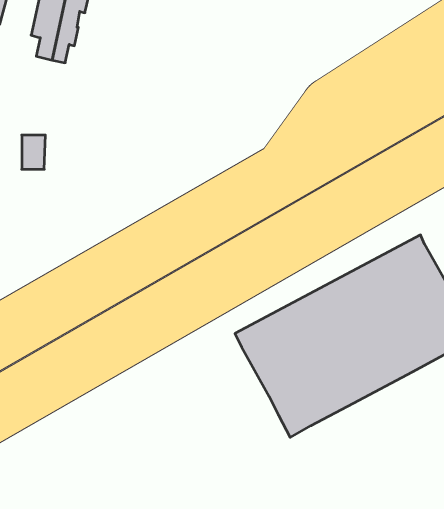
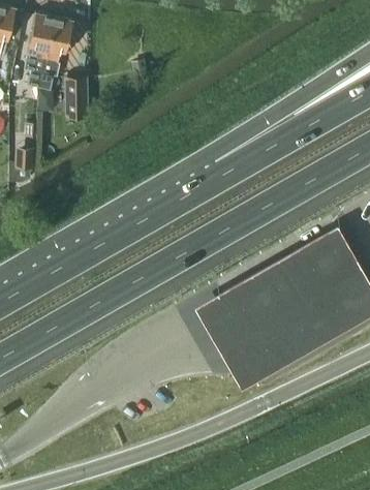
building: none -> [68,81,89,120]

